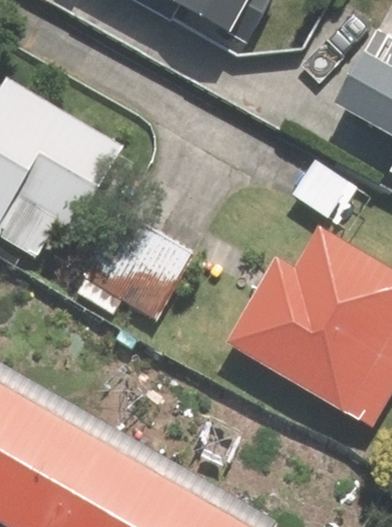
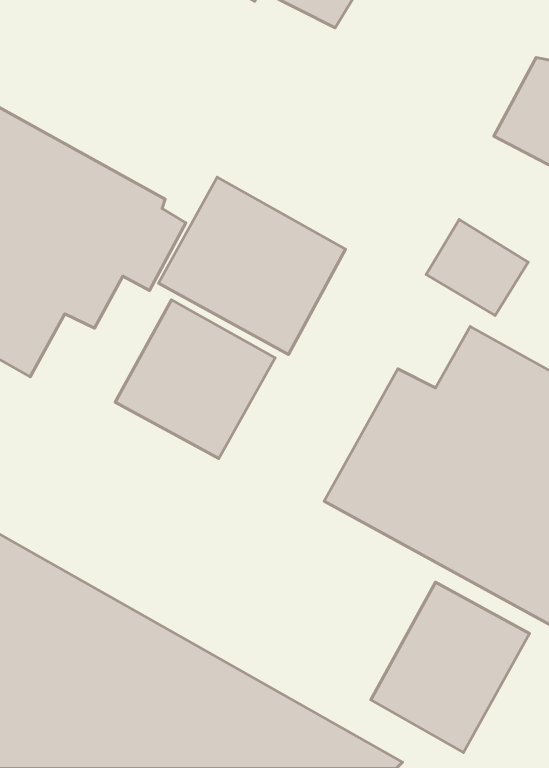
building: none -> [159,177,346,354]
building: none -> [371,582,529,752]

